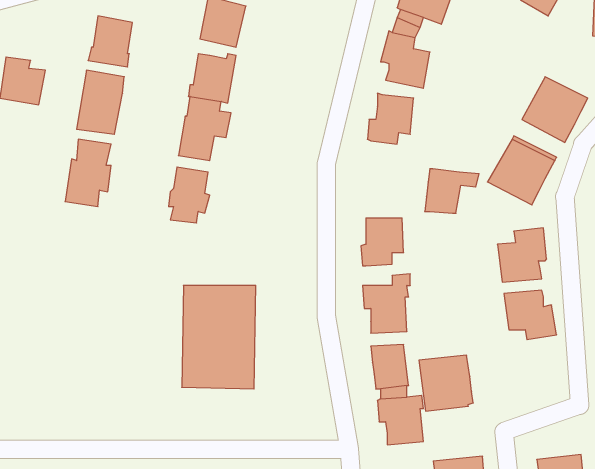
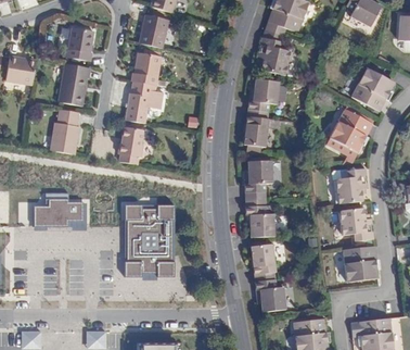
building: [425,169,479,213] -> [244,115,280,145]
building: none -> [36,193,82,226]
building: [419,355,473,411] -> [342,245,377,282]

